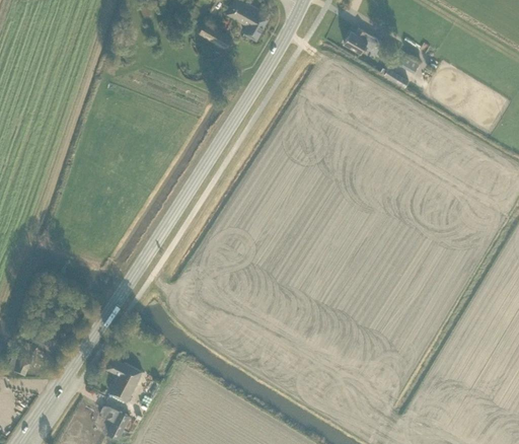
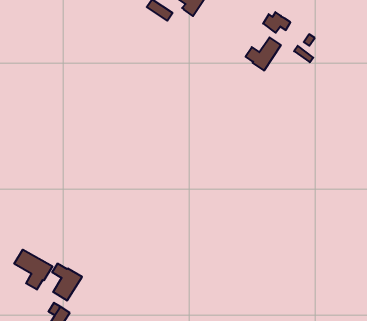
building: none -> [246,37,281,71]
building: none -> [14,250,52,290]

